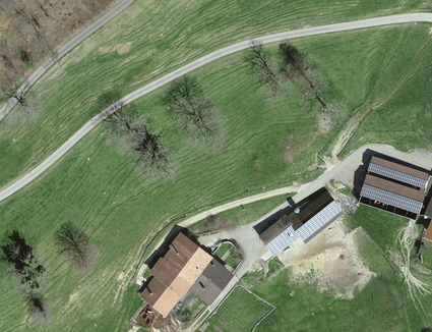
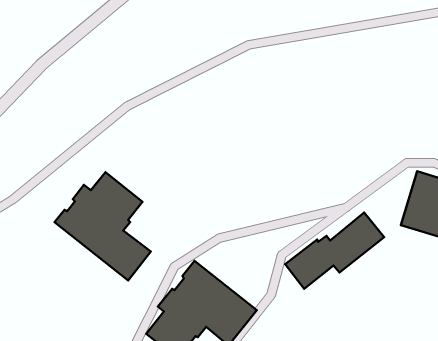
building: none -> [55,172,151,280]

